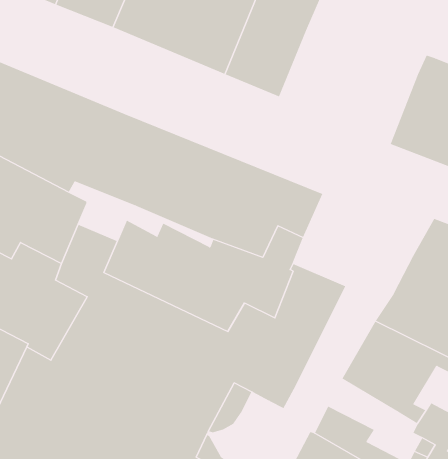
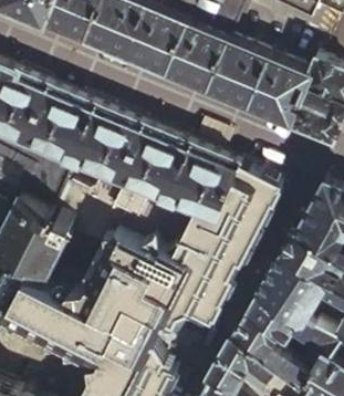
building: none -> [208,43,309,126]
building: none -> [218,163,280,230]
building: none -> [243,298,294,340]

